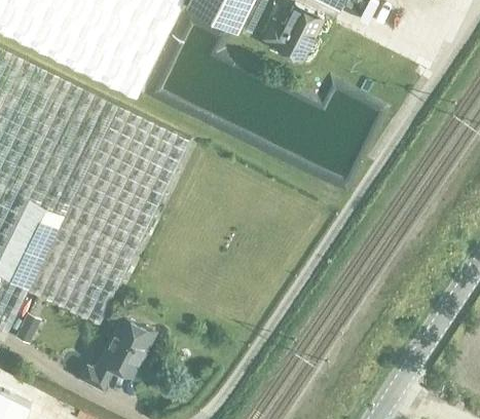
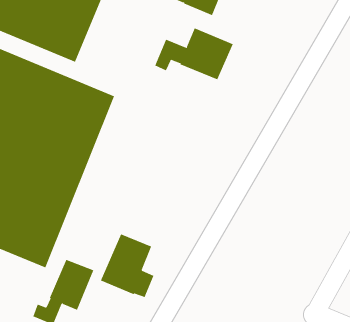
building: none -> [154,27,234,80]
building: none -> [100,233,154,298]

